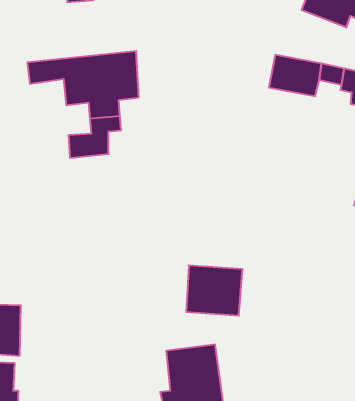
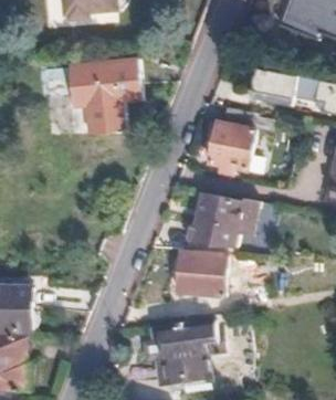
building: none -> [208,106,259,172]
building: none -> [186,192,262,249]

